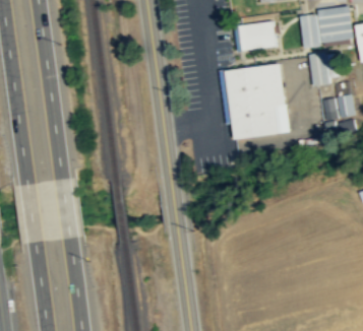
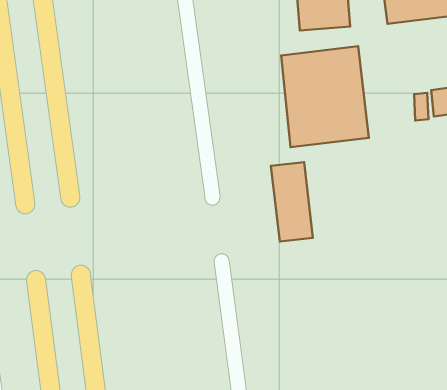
building: [309,53,334,83] -> none
building: none -> [271,162,313,241]

